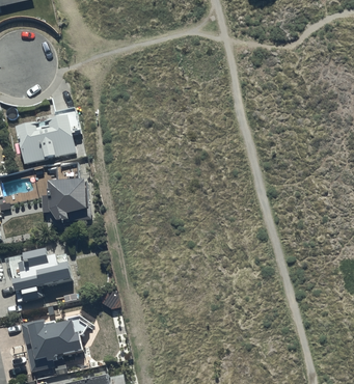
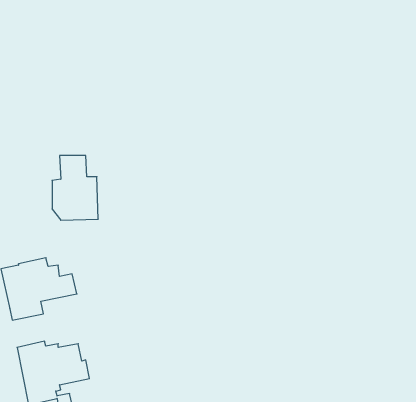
building: [15,107,81,164] -> none

